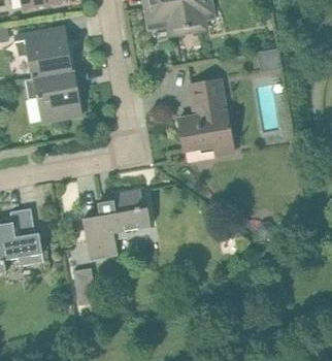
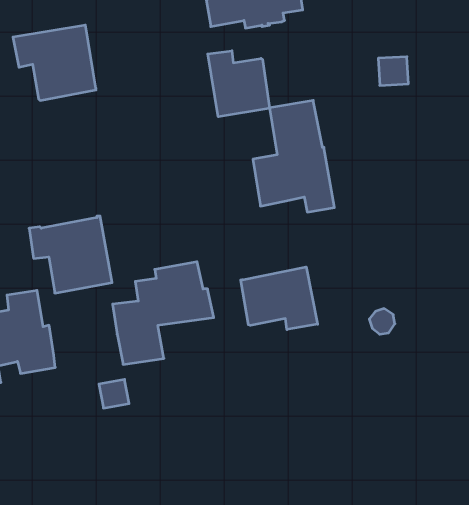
building: none -> [208,51,270,117]
building: [25,70,81,123] -> [29,216,112,293]
building: none -> [241,267,318,330]

